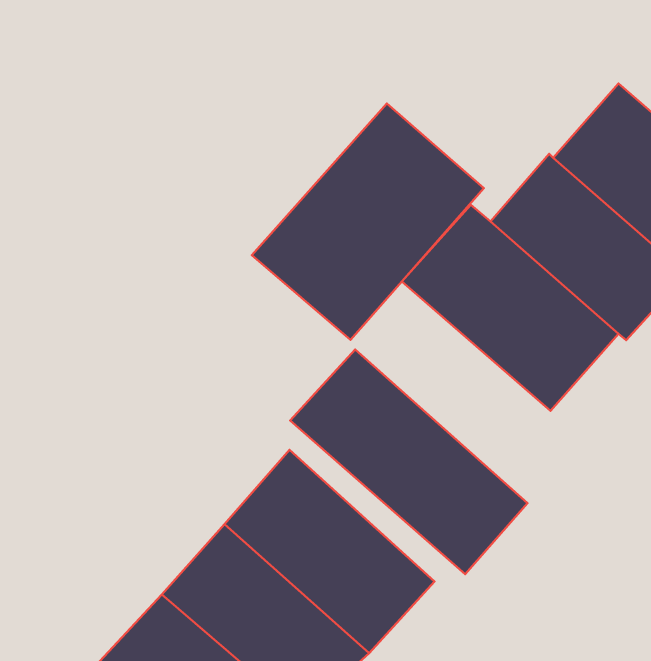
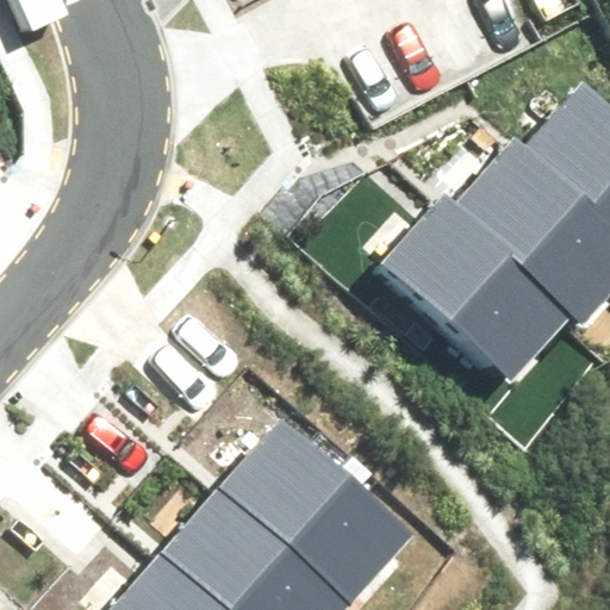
building: [252,104,484,340] -> none
building: [290,350,528,574] -> none

